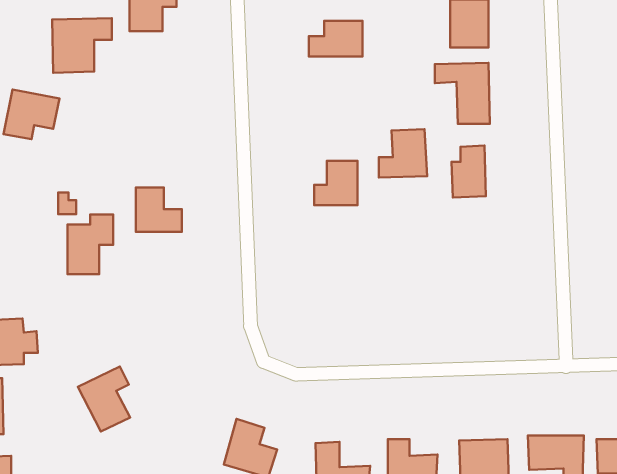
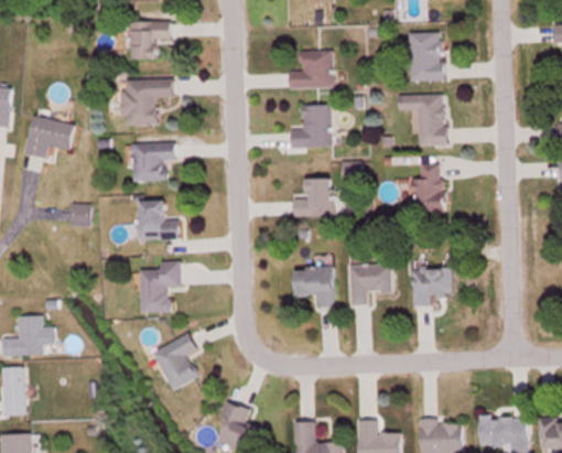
building: [52,18,112,73] -> [120,78,172,126]
building: none -> [131,142,174,180]
building: [379,129,427,177] -> [290,104,332,145]
building: [67,214,113,274] -> [140,260,180,312]
building: none -> [349,263,391,304]
building: none -> [293,266,333,306]
building: none -> [412,267,452,304]
building: [78,367,130,431] -> [152,333,197,389]

